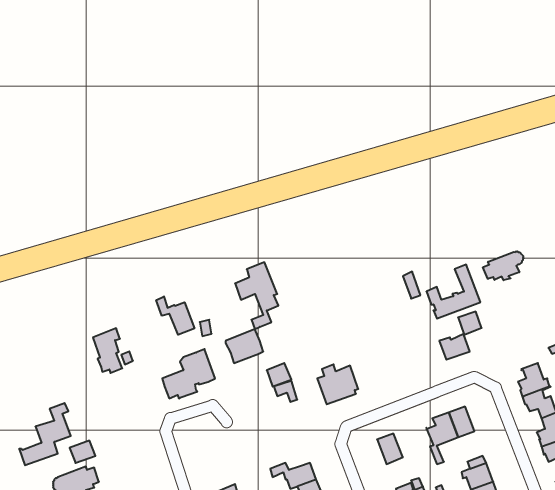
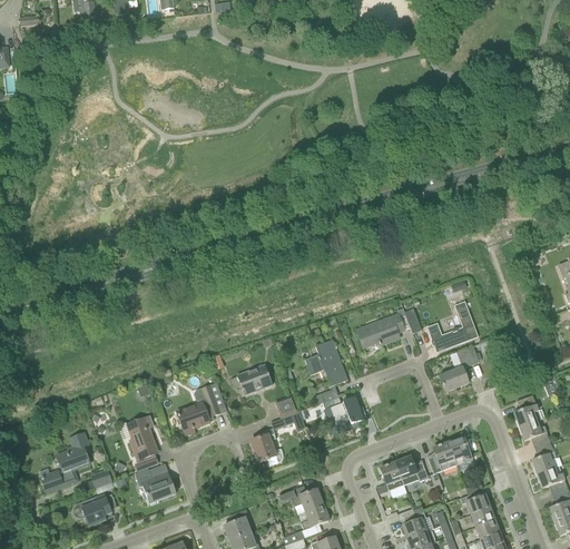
building: [483,251,524,280] -> none
building: [235,262,278,329] -> [304,339,345,402]
building: none -> [356,314,404,346]
building: [156,296,194,335] -> none
building: [93,328,122,373] -> [127,415,155,458]
building: none -> [250,428,282,464]
building: none -> [395,455,436,493]
building: none -> [134,468,175,502]

